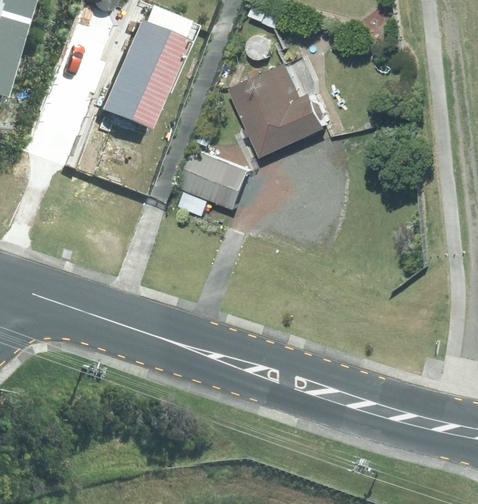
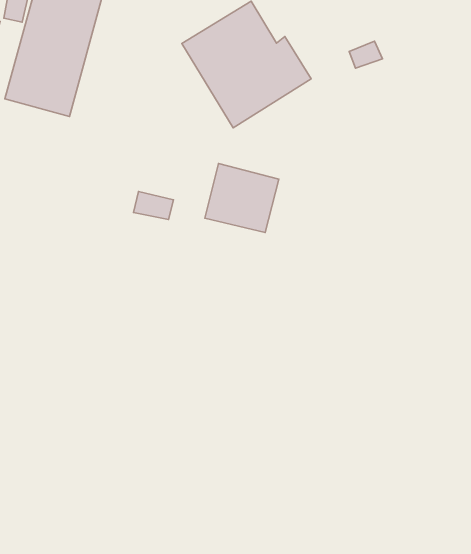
building: [179,148,238,204] -> [205,164,279,232]

